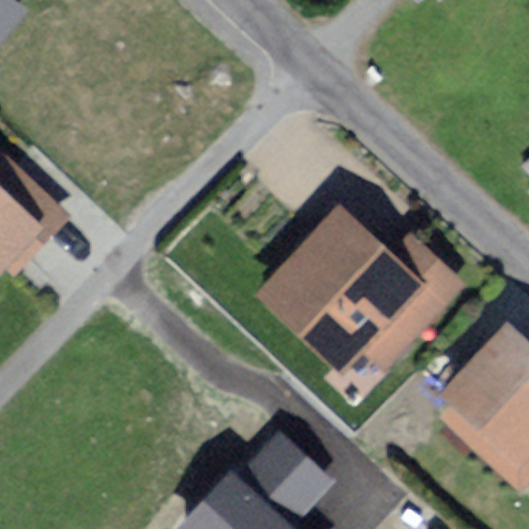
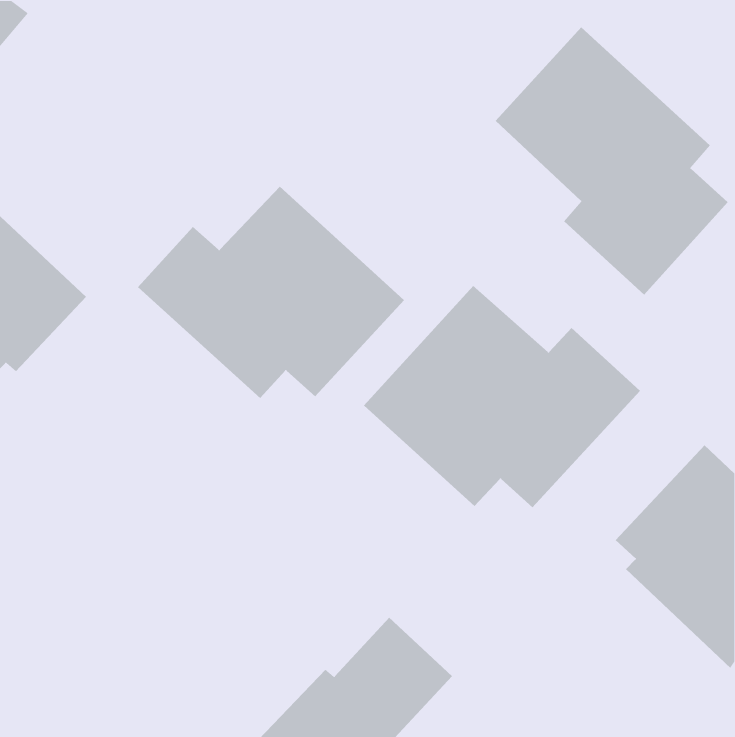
building: none -> [495,26,728,296]
building: none -> [137,186,405,399]

